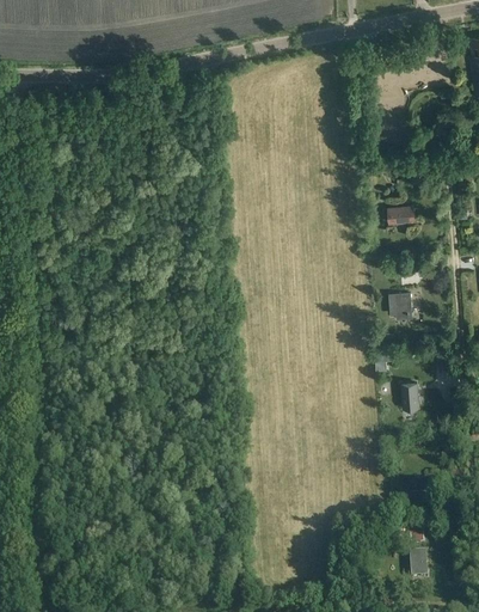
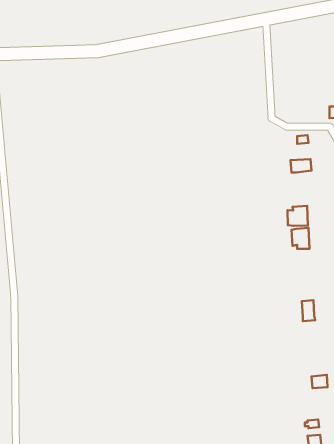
building: none -> [287,206,308,226]

